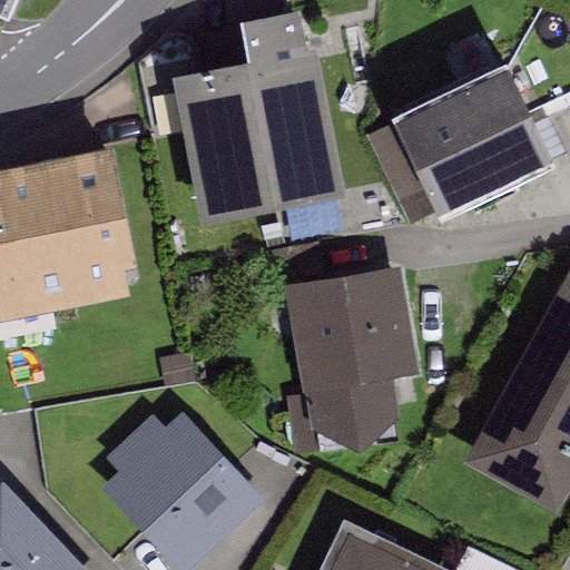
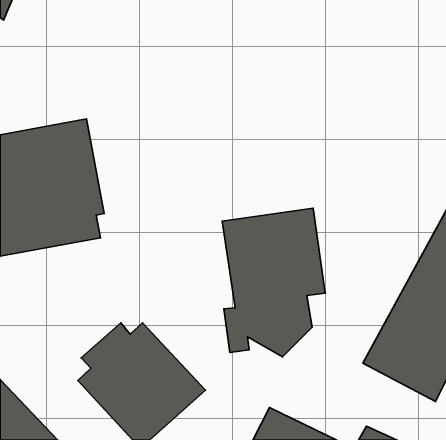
building: [174,19,346,229] -> none
building: [391,71,554,228] -> none

